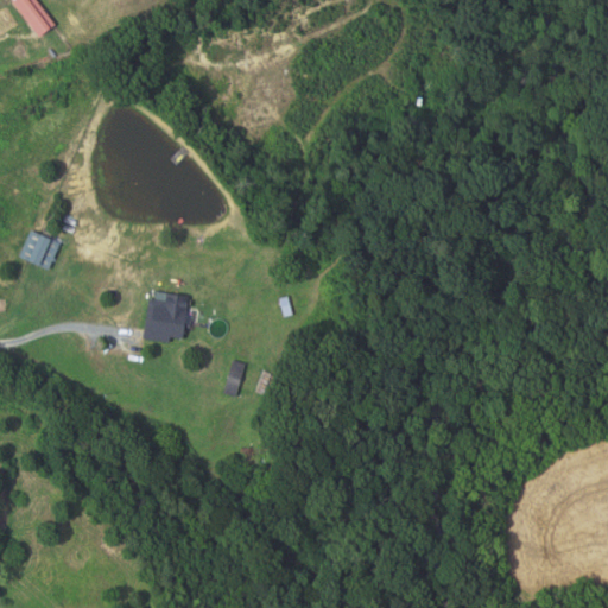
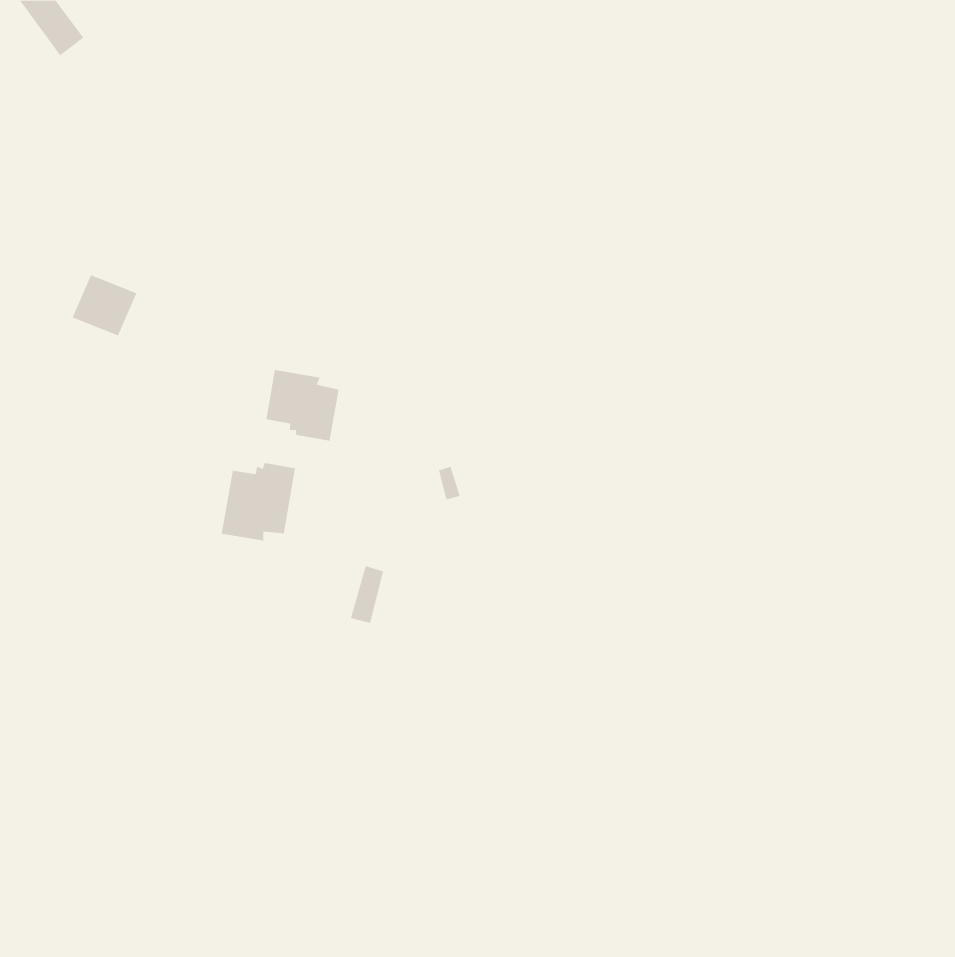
building: [18,230,59,270] -> [72,274,137,336]
building: none -> [266,369,339,441]

